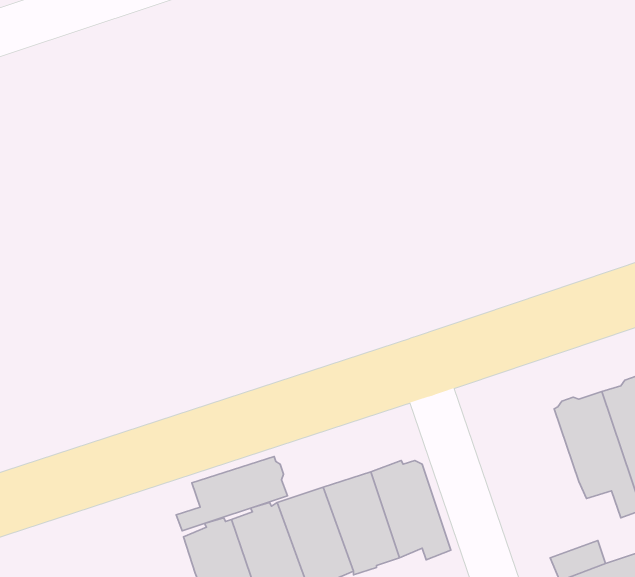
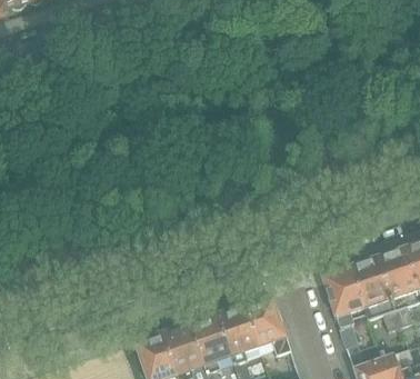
building: none -> [322,268,363,347]
building: [176,456,287,531] -> none

